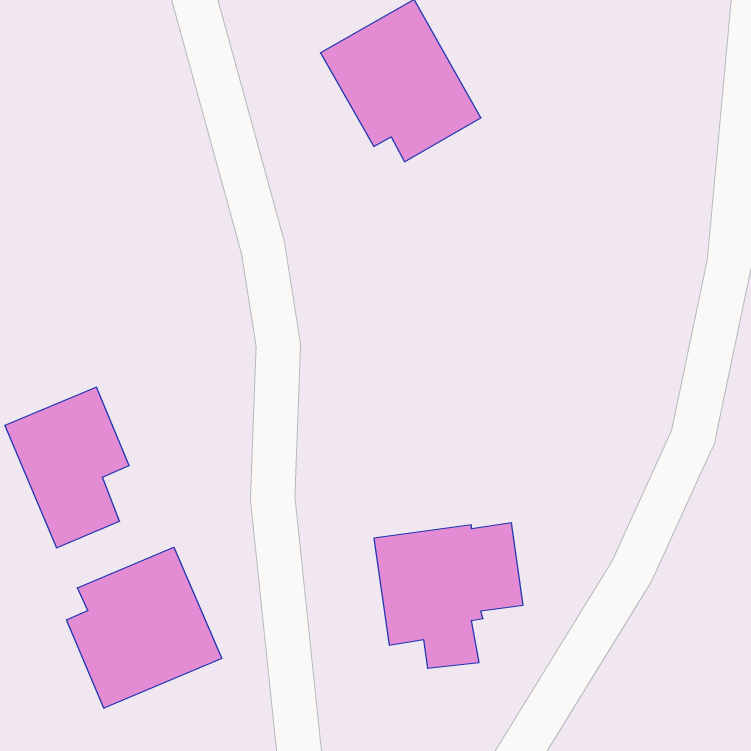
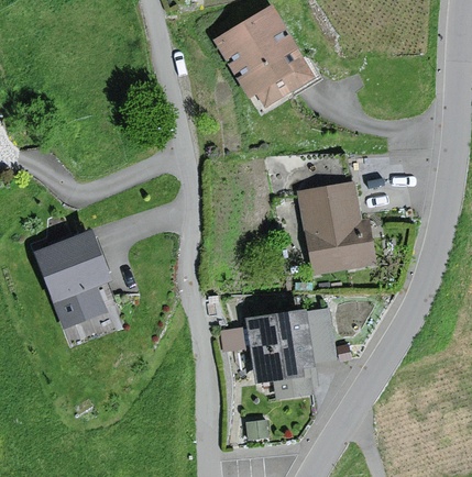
building: none -> [298,181,374,274]
building: [67,547,222,708] -> none

